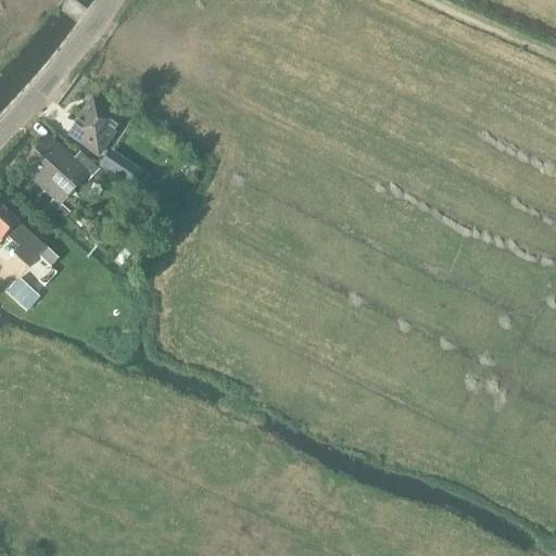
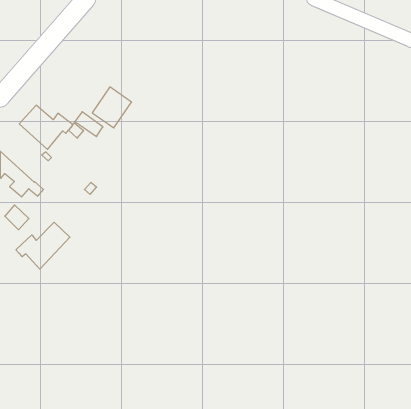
building: [70,98,123,153] -> [92,87,132,128]
building: none -> [16,222,70,269]

